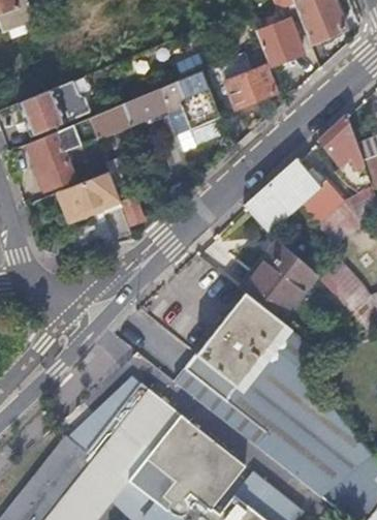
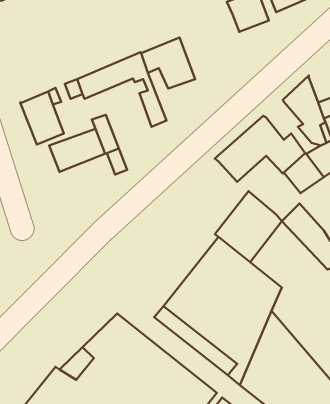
building: [217,45,275,109] -> none
building: [18,81,89,134] -> none

